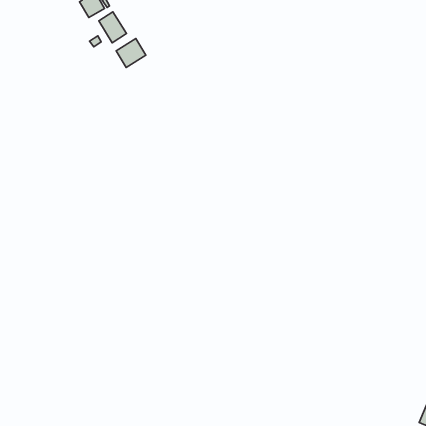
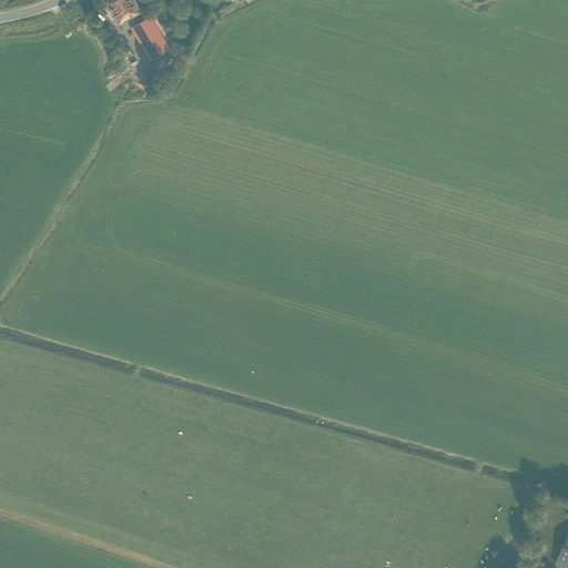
building: [116,39,146,68] -> none

